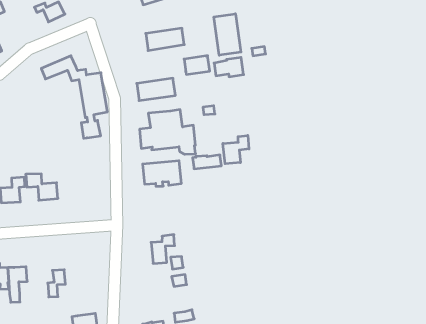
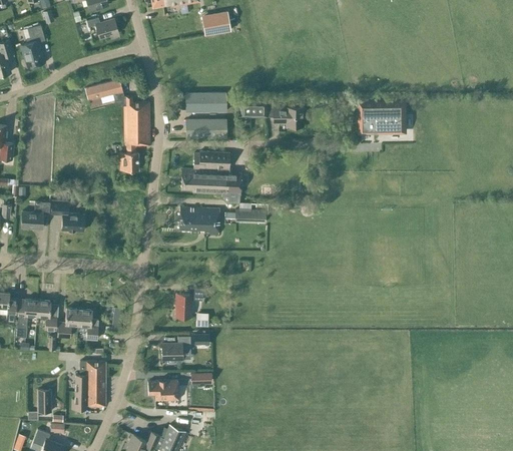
building: [214,14,241,55] -> none
building: [146,28,184,51] -> [185,93,225,112]
building: none -> [360,103,404,132]
building: [223,135,249,164] -> none
building: none -> [36,301,56,331]
building: none -> [77,310,98,340]
building: none -> [161,337,190,360]

